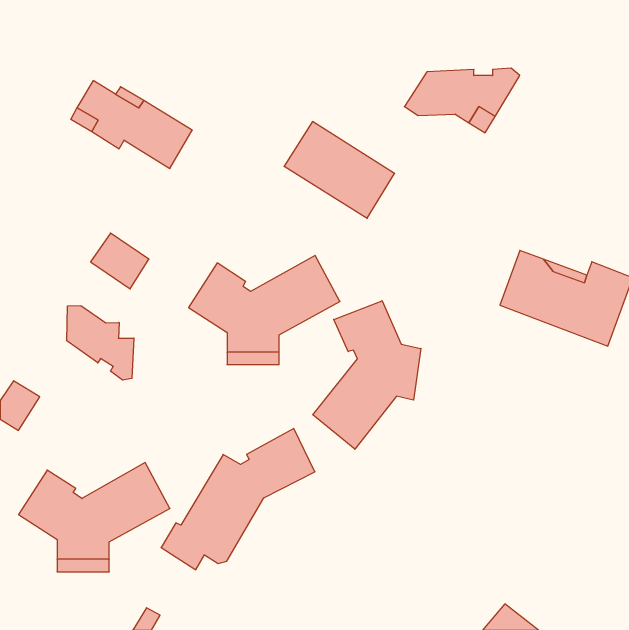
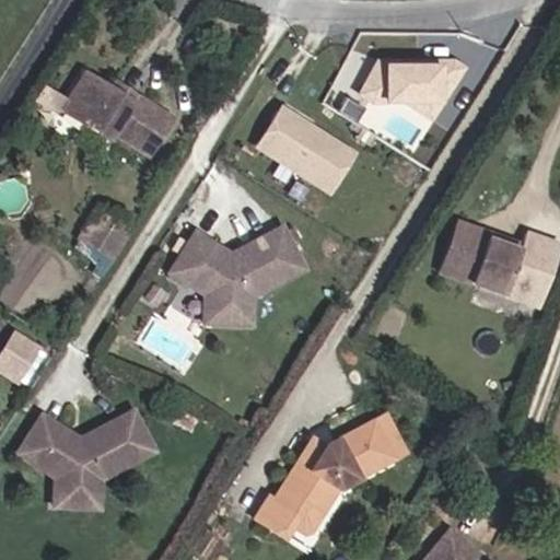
building: [313,301,421,449] -> none
building: [67,306,134,380] -> none
building: [161,428,315,570] -> [259,415,395,539]

